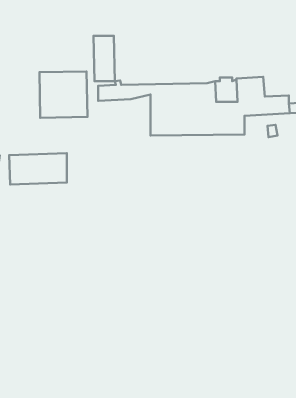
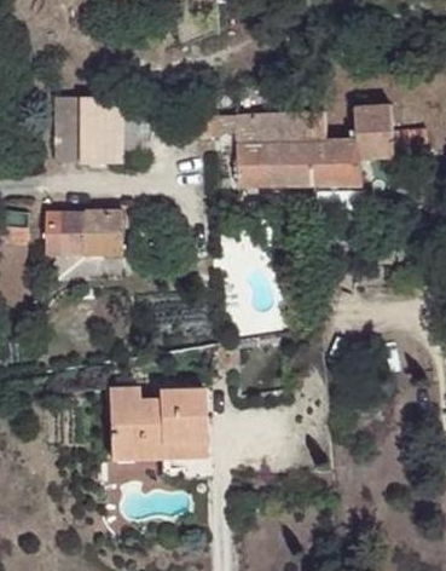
building: [94,36,115,81] -> [56,100,85,162]
building: none -> [111,387,209,465]

